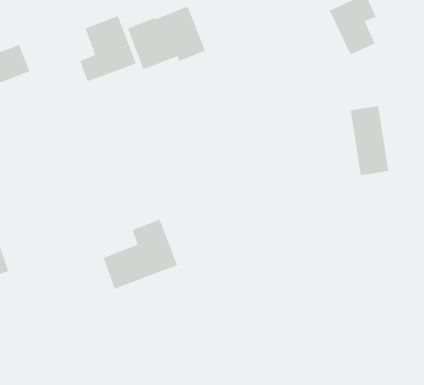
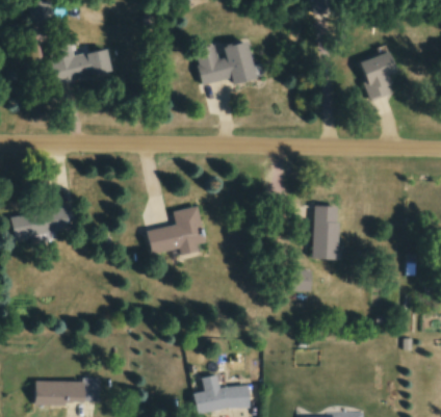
building: [80,15,136,82] -> none
building: [350,105,389,176] -> [314,206,338,260]

